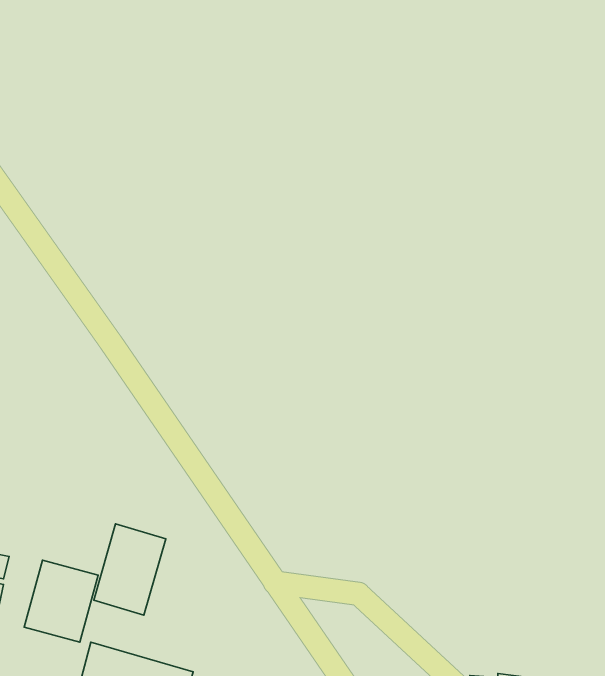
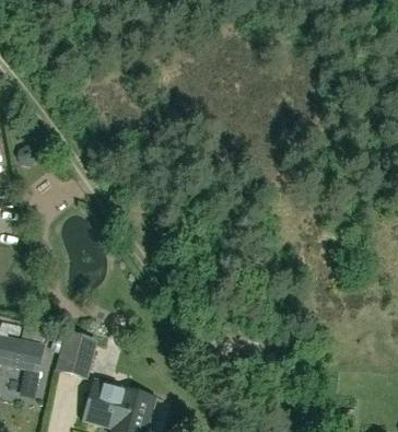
building: [94,524,166,615] -> none

